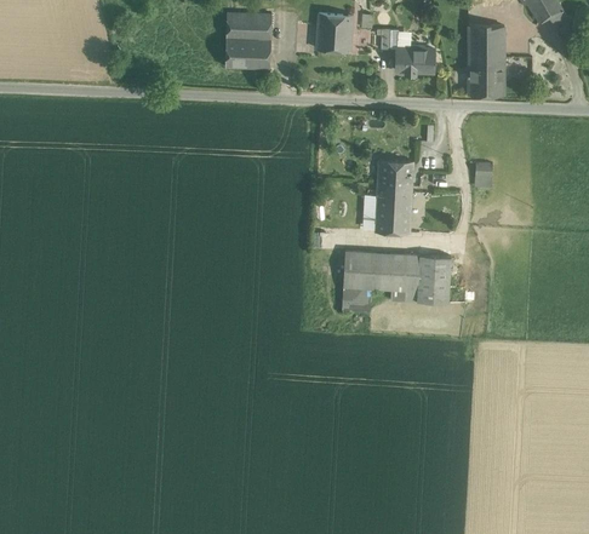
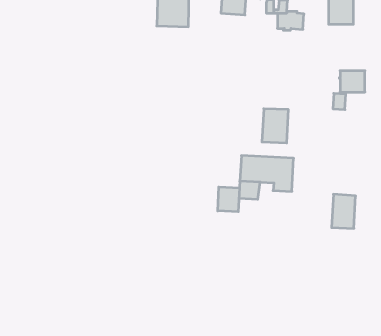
building: [468,64,504,94] -> [339,71,365,92]
building: [377,160,413,185] -> none
building: [417,254,451,303] -> [332,194,356,228]
building: none -> [218,187,239,212]

